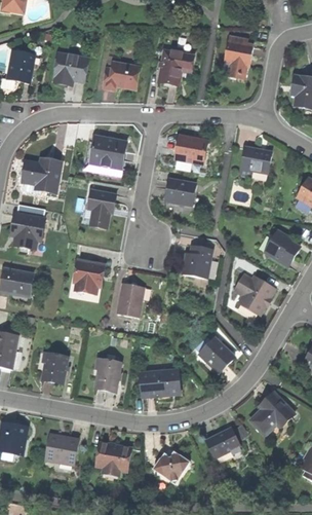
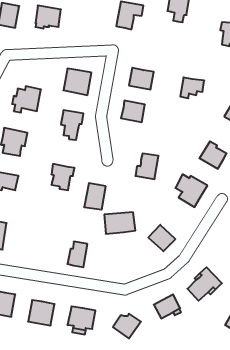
building: [103,62,141,90] -> none
building: [42,353,68,382] -> none
building: [141,368,181,396] -> [104,212,135,234]

